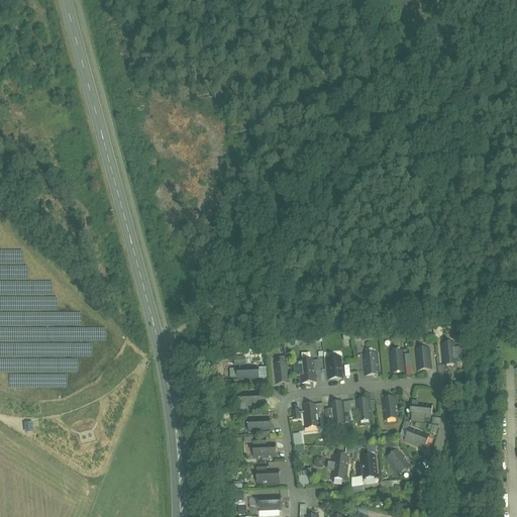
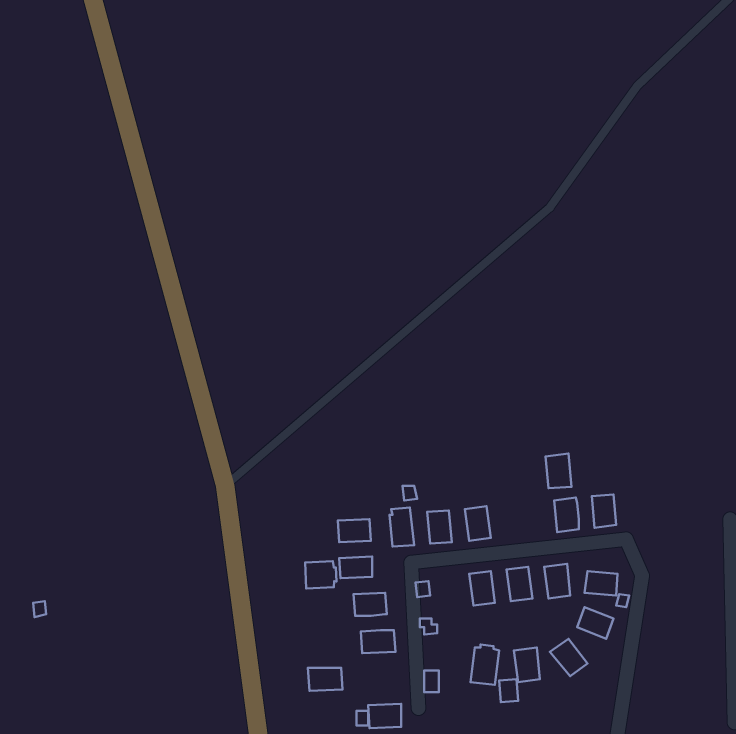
building: [439,340,457,365] -> none
building: [363,350,381,375] -> [545,454,571,488]
building: none -> [305,561,336,588]
building: [302,403,320,427] -> none
building: [255,468,280,484] -> [308,668,343,691]

